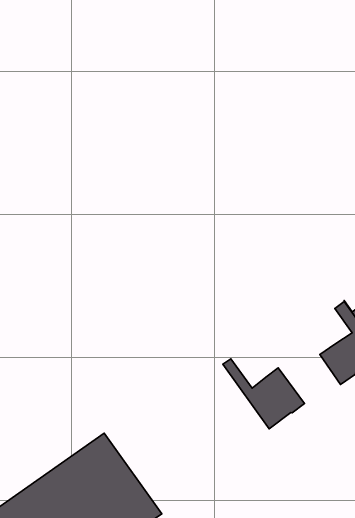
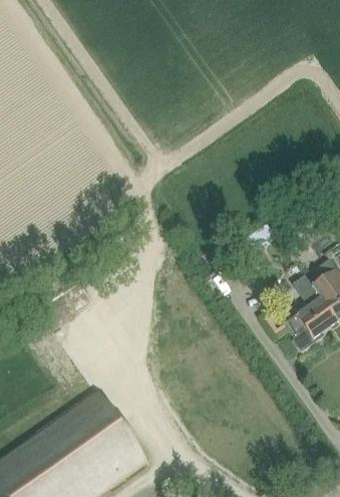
building: [223,359,304,429] -> none

